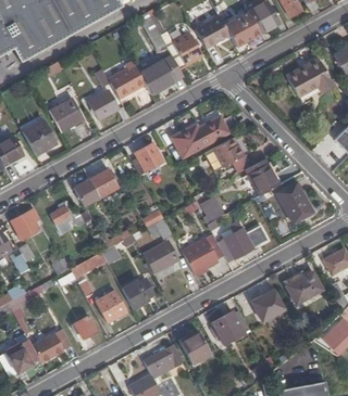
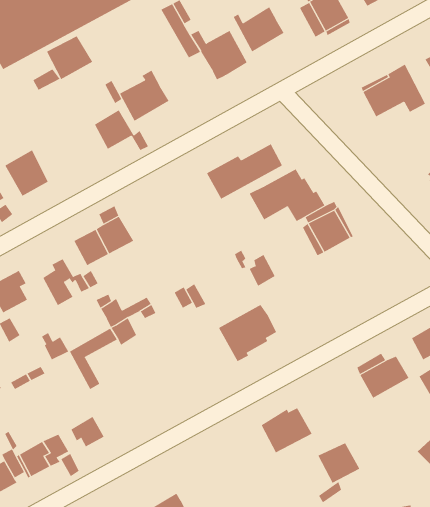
building: [224,15,252,47] -> none
building: [138,56,184,93] -> none
building: [49,98,84,130] -> [46,35,93,80]
building: [132,142,163,174] -> none
building: [276,182,314,222] -> none
building: [217,219,268,259] -> none
building: [144,241,178,272] -> none
building: [122,278,154,308] -> none
building: [96,290,126,321] -> none
building: [253,290,285,320] -> [317,442,360,484]
building: [179,331,210,363] -> none
building: [142,344,183,378] -> none

